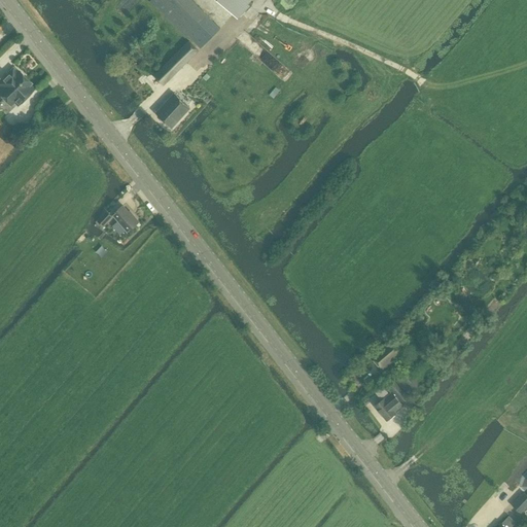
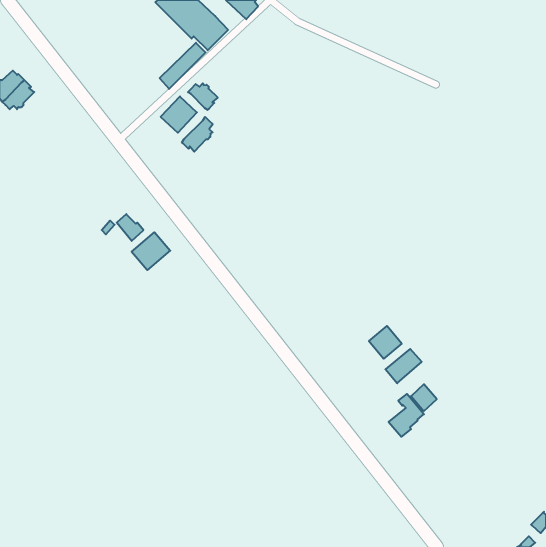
building: none -> [188,83,218,110]
building: none -> [182,117,213,152]
building: none -> [132,232,170,270]
building: none -> [369,326,402,359]

